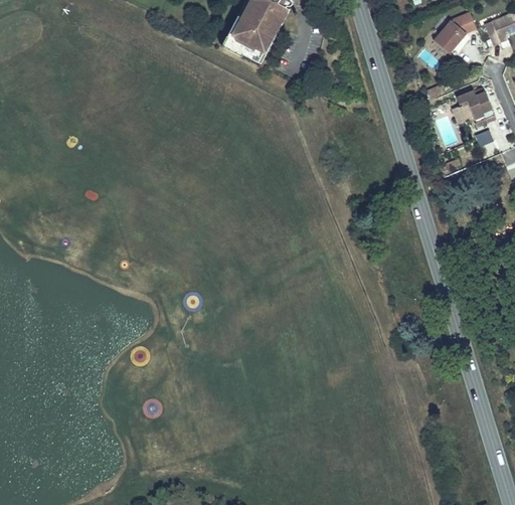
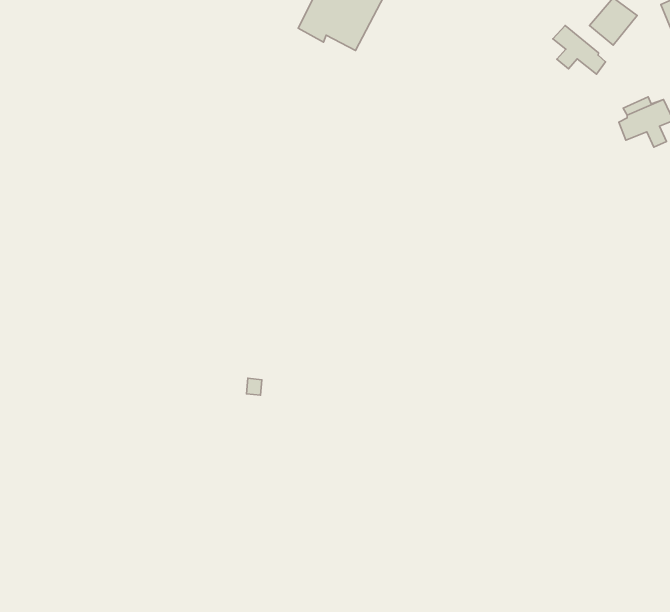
building: none -> [553,25,606,74]

